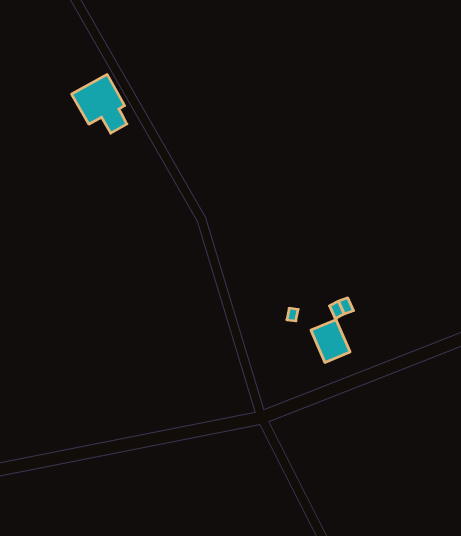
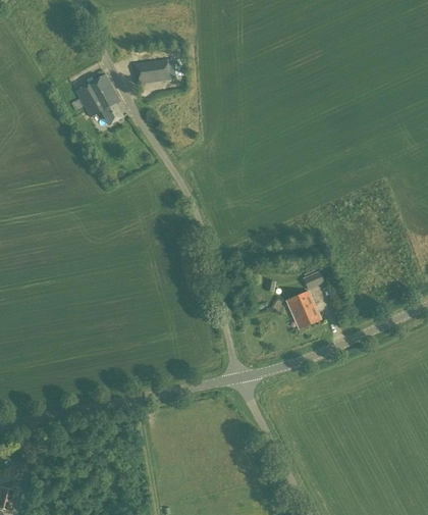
building: none -> [132,57,176,83]

